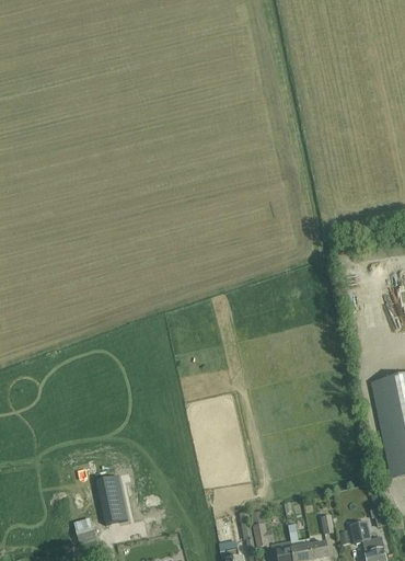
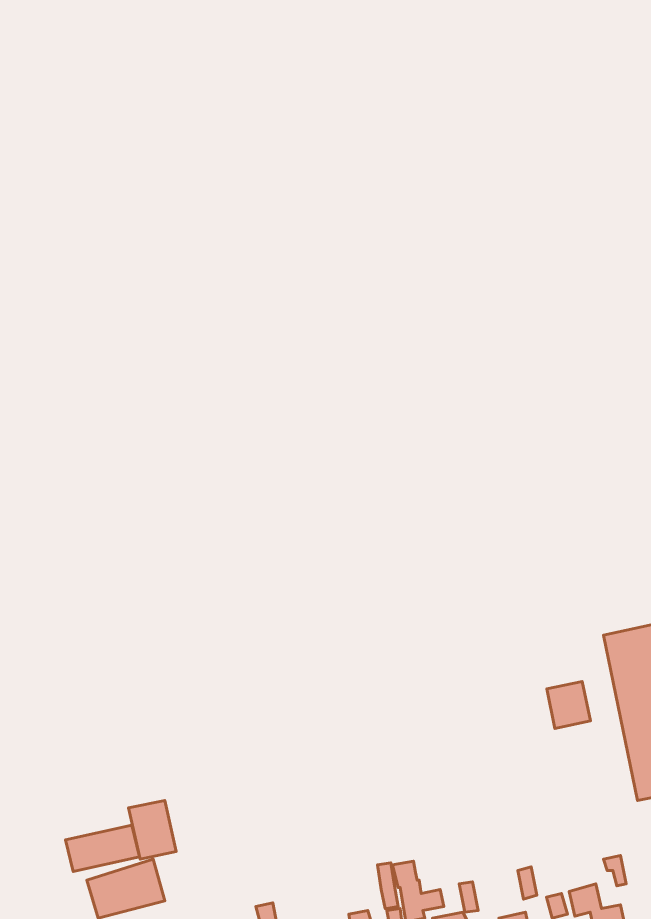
building: none -> [547,681,590,728]
building: none -> [65,825,139,872]

